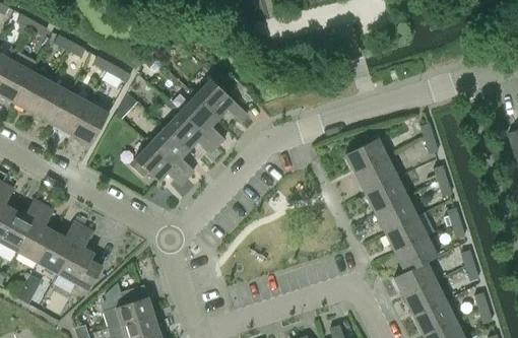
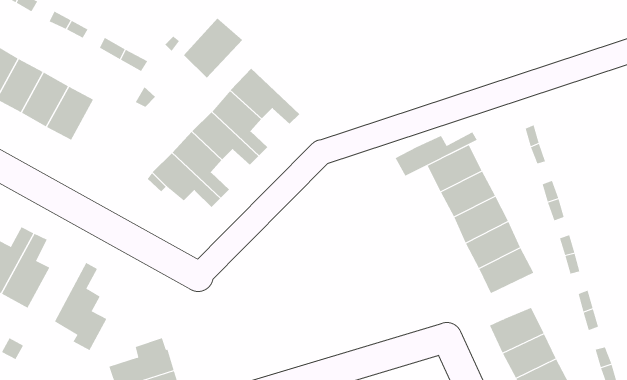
building: none -> [183,18,243,78]
building: [73,104,110,146] -> none
building: none -> [395,132,477,177]
building: [40,223,84,274] -> none
building: [395,236,439,272] -> none

